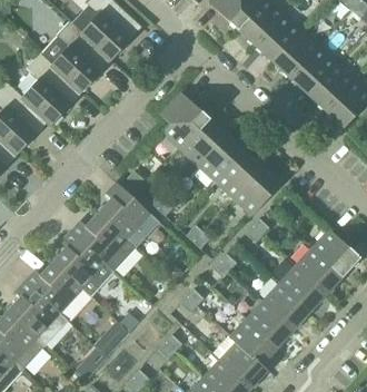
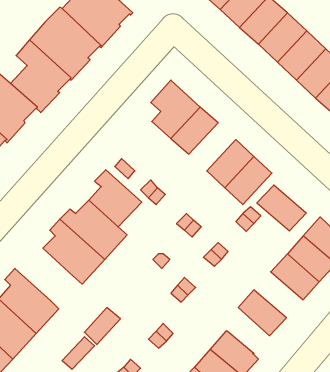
building: [199,134,246,182] -> none
building: [27,258,85,311] -> none
building: [264,282,313,327] -> [257,185,306,231]
building: [230,317,279,363] -> none

